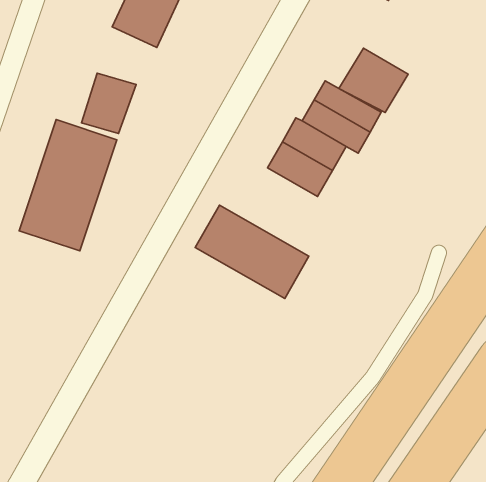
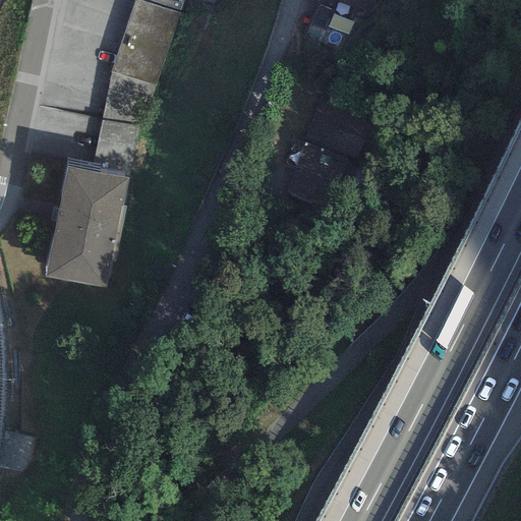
building: none -> [103,69,157,121]
building: [339,48,408,112] -> none
building: [195,205,309,299] -> none

